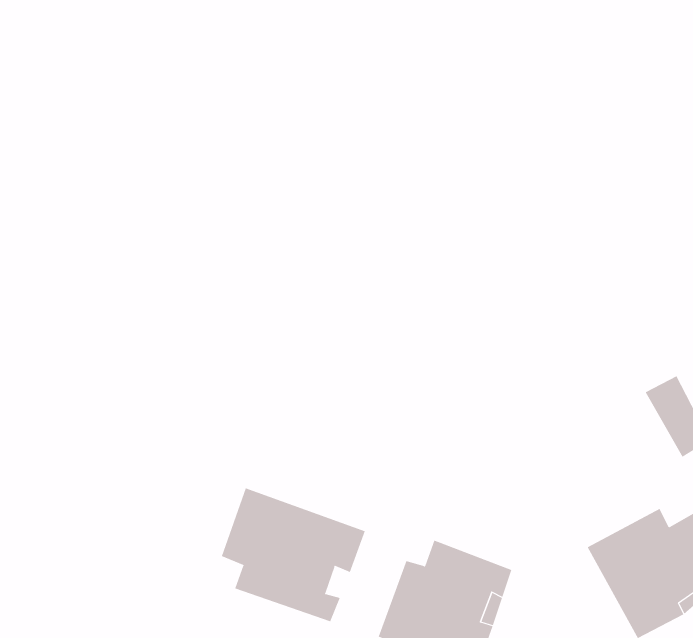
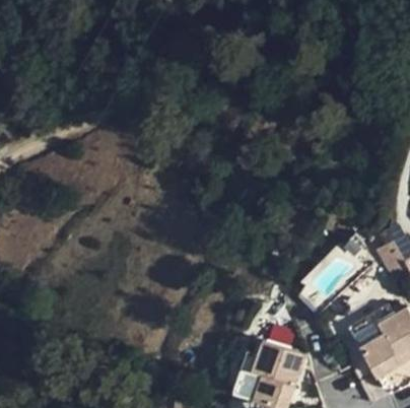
building: [221,487,365,622] -> none

